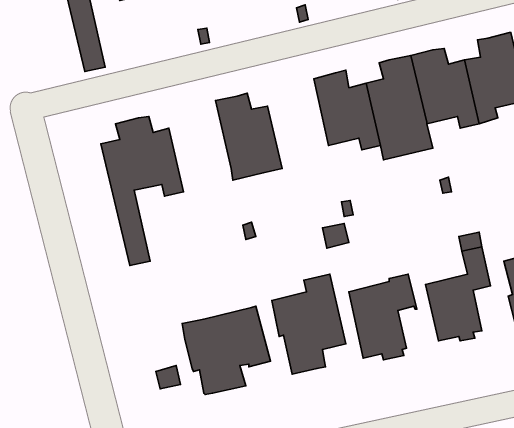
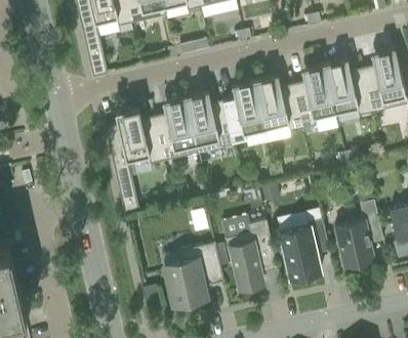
building: none -> [222,83,266,146]
building: none -> [153,98,198,163]

